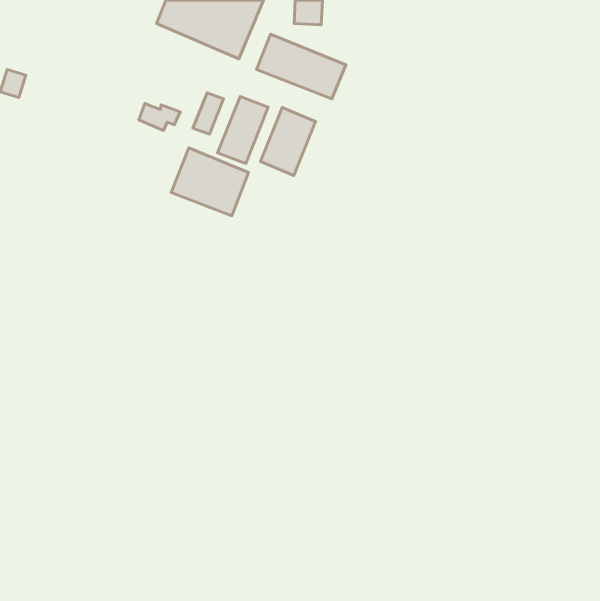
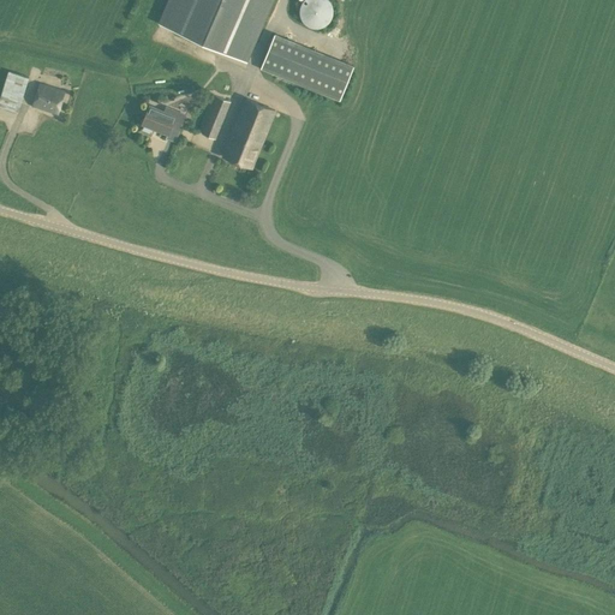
building: none -> [31,83,64,114]
building: [260,108,315,175] -> none
building: [171,148,249,216] -> none

